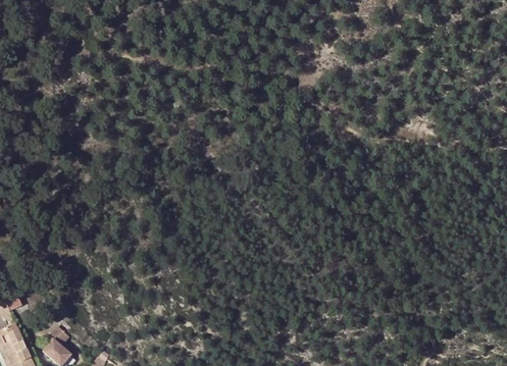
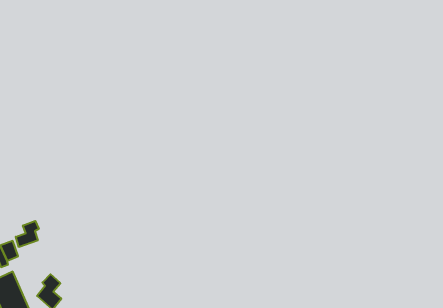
building: none -> [16,221,39,247]

